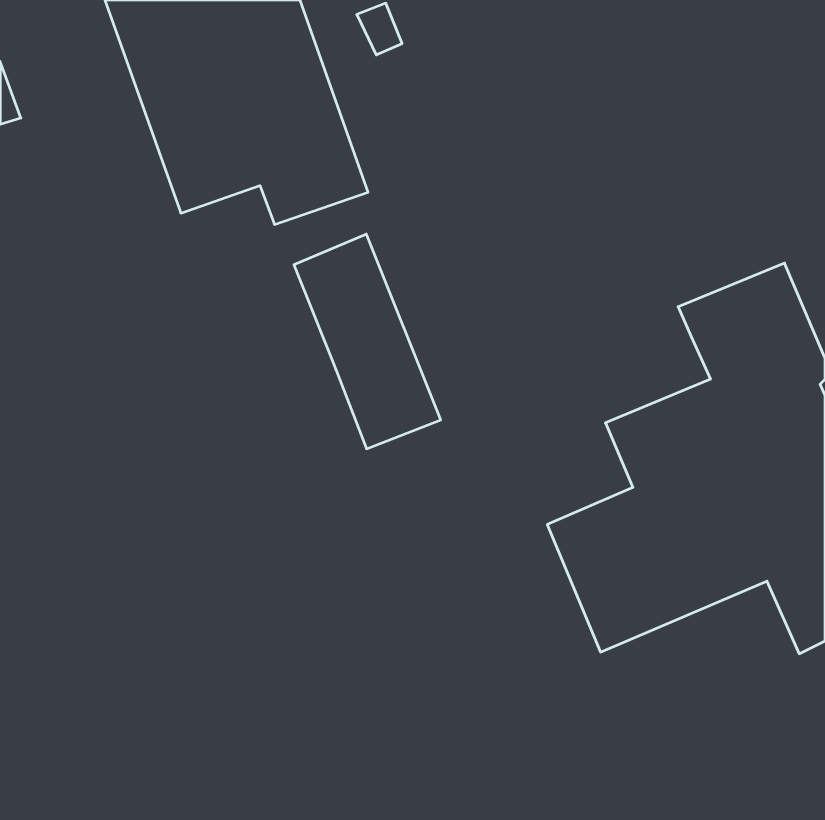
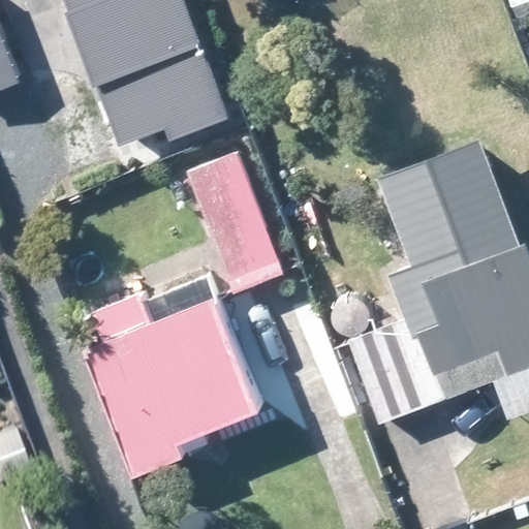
building: none -> [84,292,257,475]

